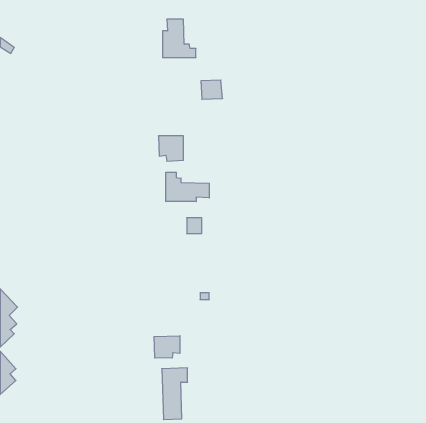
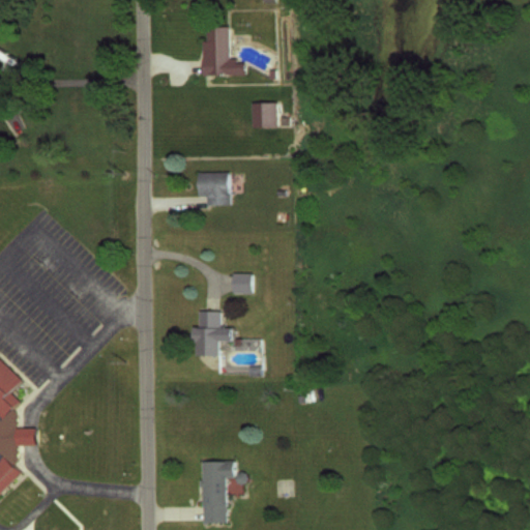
building: [166,172,209,202] -> none
building: none -> [192,310,231,354]
building: [154,336,180,358] -> none

